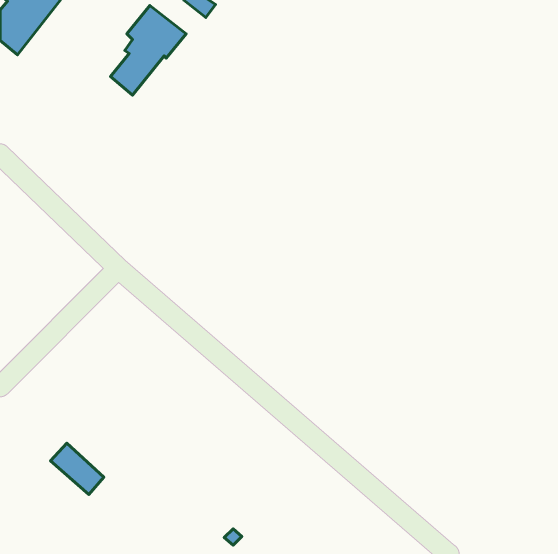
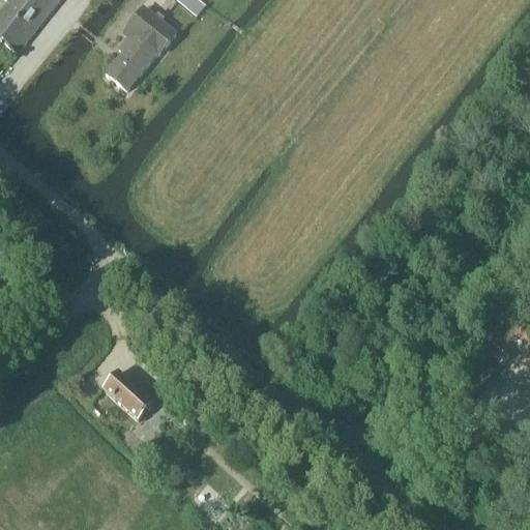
building: [50,443,104,495] -> [102,372,153,420]

